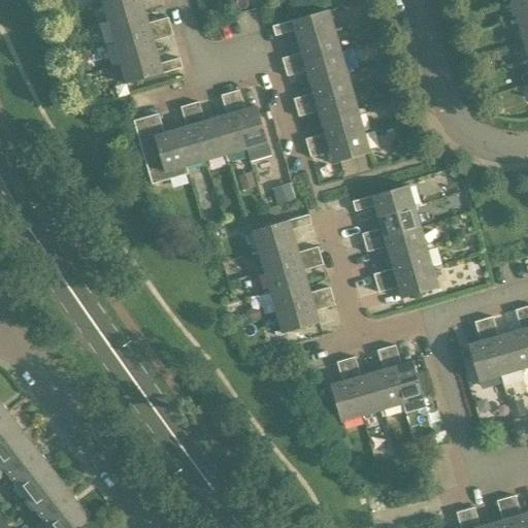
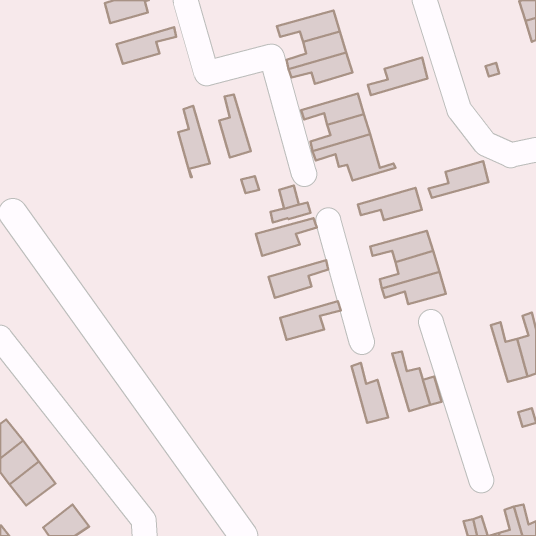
building: [108,12,171,43] -> none
building: [121,53,184,85] -> none
building: [293,71,352,108] -> [368,57,428,95]
building: [230,90,271,161] -> none
building: [190,102,226,161] -> none
building: [133,113,188,185] -> none
building: [361,206,420,242] -> [429,161,488,198]
building: [258,240,321,272] -> none
building: [270,282,332,312] -> none
building: [467,320,499,382] -> none
building: [371,348,402,410] -> none
building: [330,360,361,422] -> none
building: [26,475,71,519] -> none

